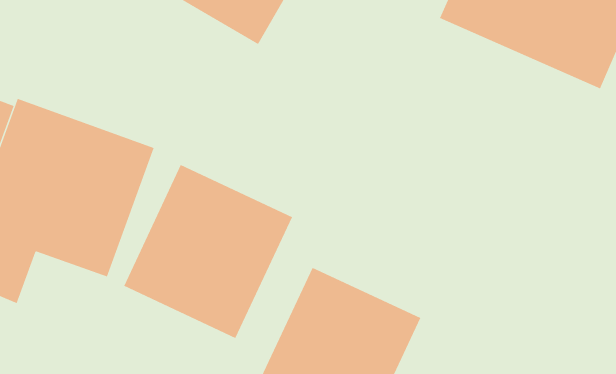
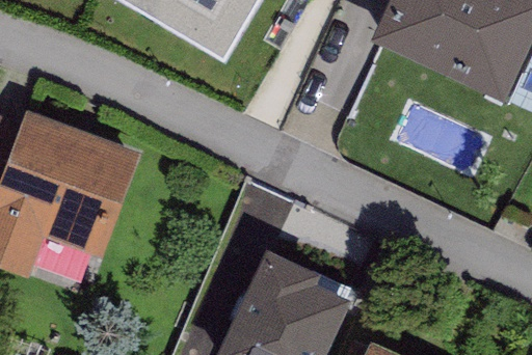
building: [123,164,293,339] -> none

